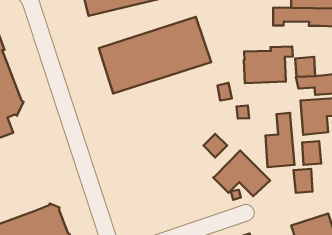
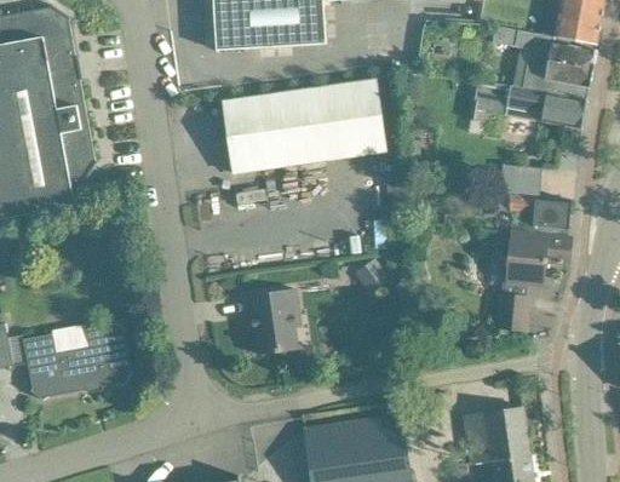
building: [244,46,293,83] -> none
building: [266,113,294,167] -> none
building: [213,151,270,196] -> none
building: none -> [241,287,295,354]
building: [294,169,313,193] -> none

